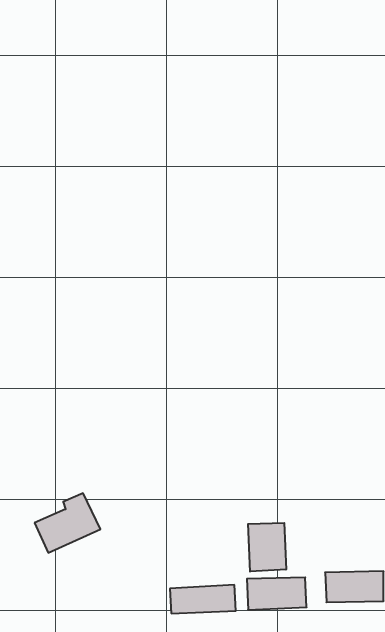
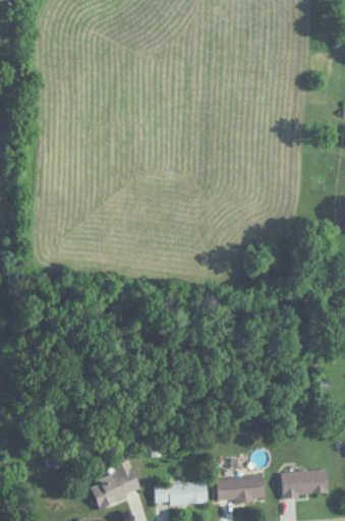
building: [35,493,100,553] -> [88,460,141,509]
building: [248,523,286,572] -> none

